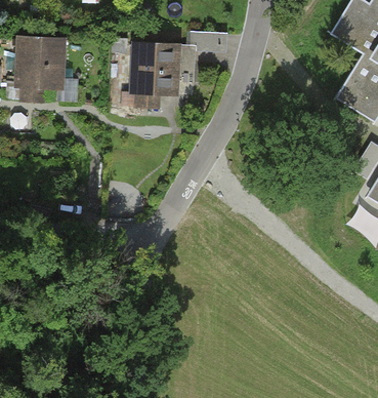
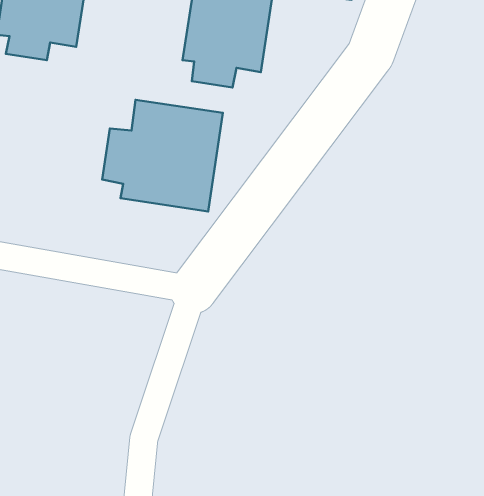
building: none -> [102,100,223,211]

